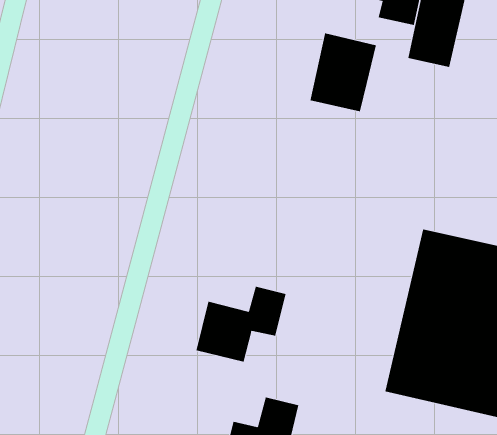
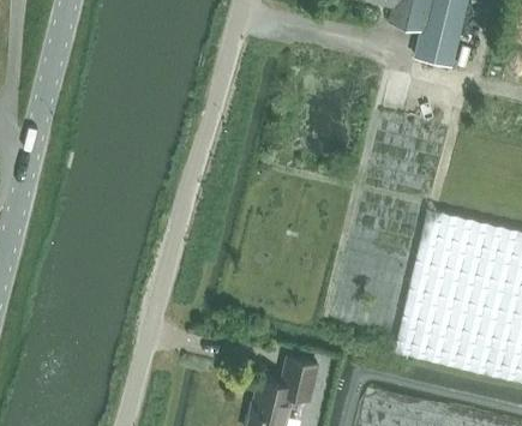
building: [310,32,376,112] -> none
building: [196,286,286,362] -> none

